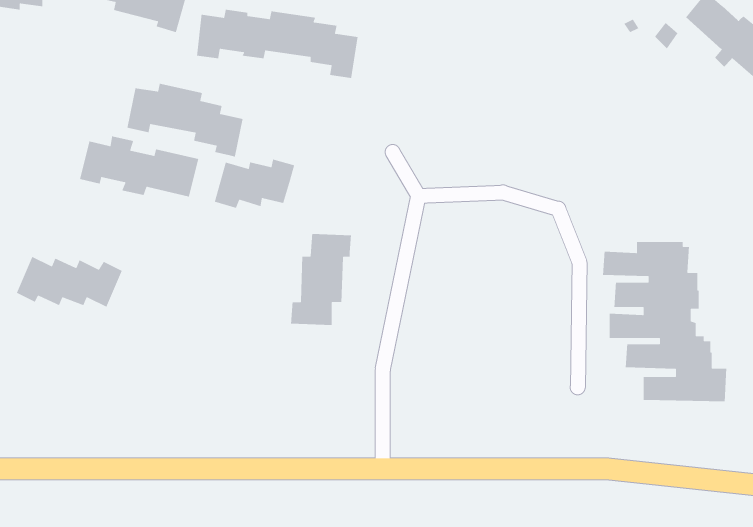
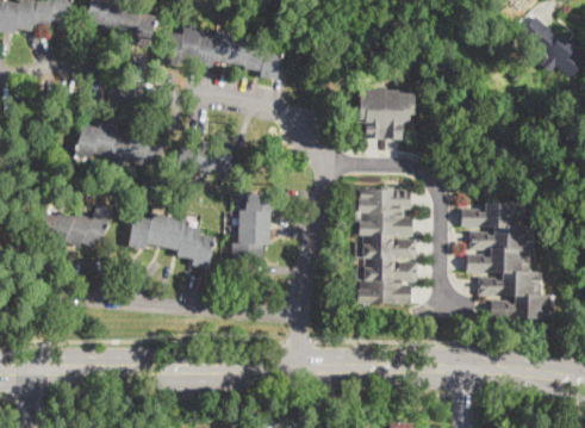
building: [127,83,244,157] -> [129,212,214,267]
building: none -> [357,83,413,137]
building: none -> [351,186,416,304]

